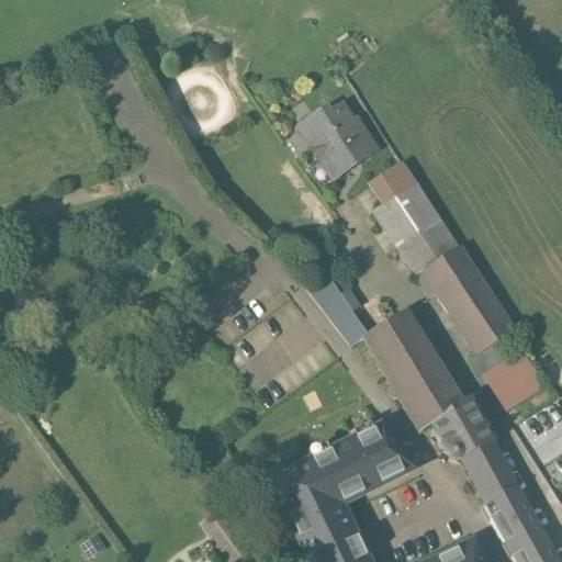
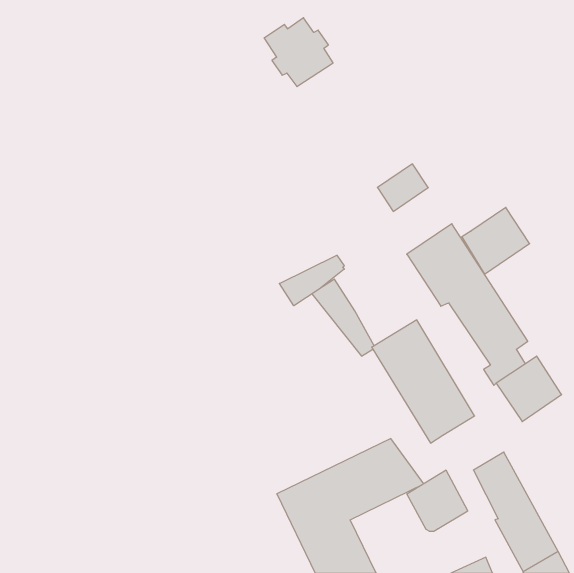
building: [307,104,374,171] -> [264,18,333,87]
building: [376,182,442,247] -> [462,207,530,274]
building: none -> [279,255,344,306]
building: [434,400,493,459] -> [407,470,468,531]

